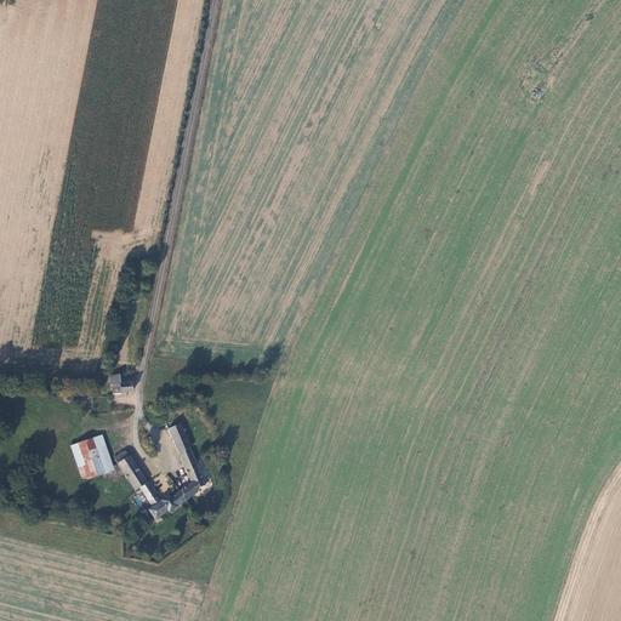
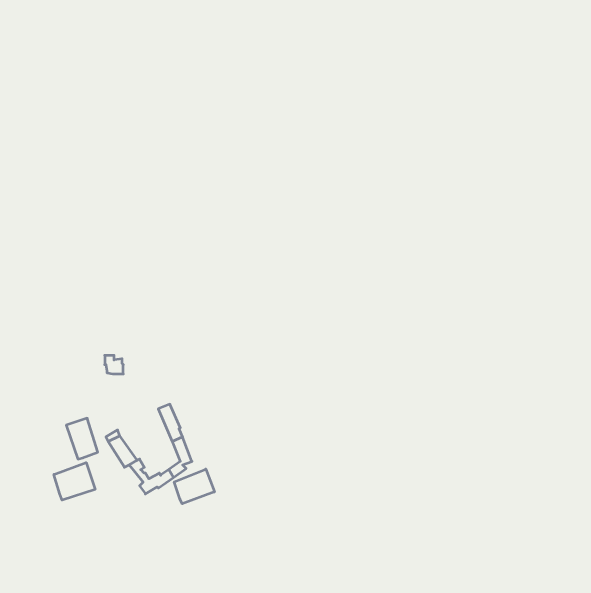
building: none -> [54,463,95,500]
building: none -> [174,469,214,504]

